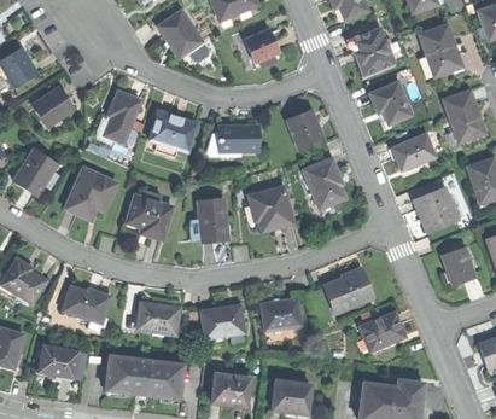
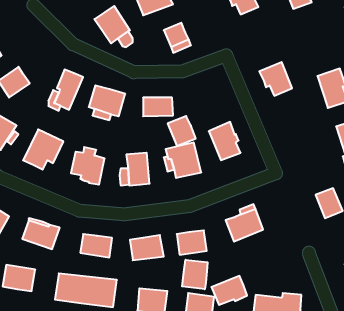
building: [348,25,395,75] -> none
building: [421,25,460,76] -> none
building: [287,111,323,150] -> [168,116,196,146]
building: [392,135,434,171] -> none
building: [415,188,459,232] -> none
building: [361,313,407,350] -> [211,276,247,305]
building: none -> [182,260,208,289]

